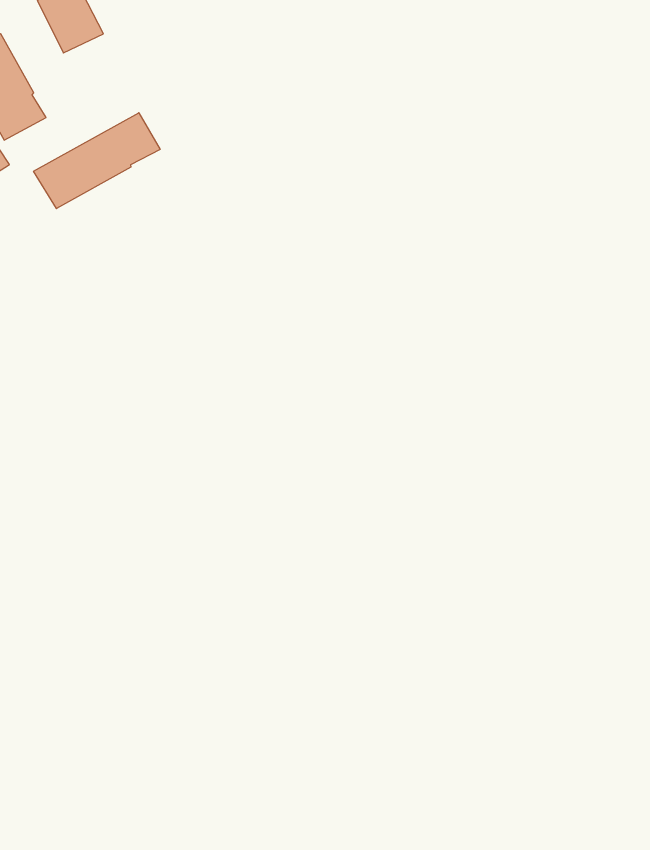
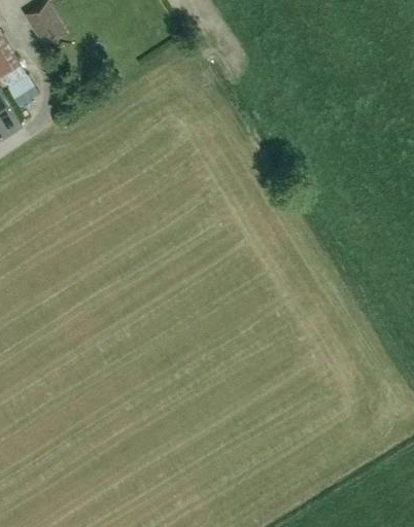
building: [34,113,160,209] -> none

